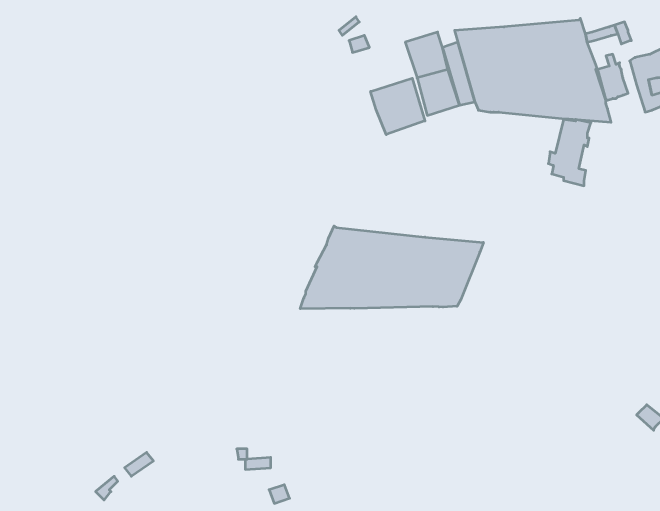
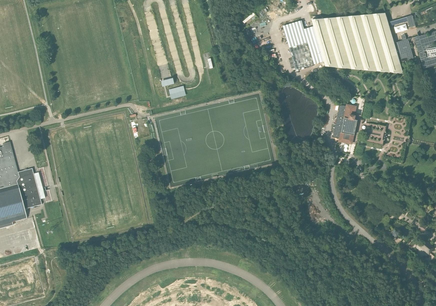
building: [371,78,425,135] -> none
building: [548,119,591,186] -> [331,104,356,143]
building: [300,226,483,309] -> none

